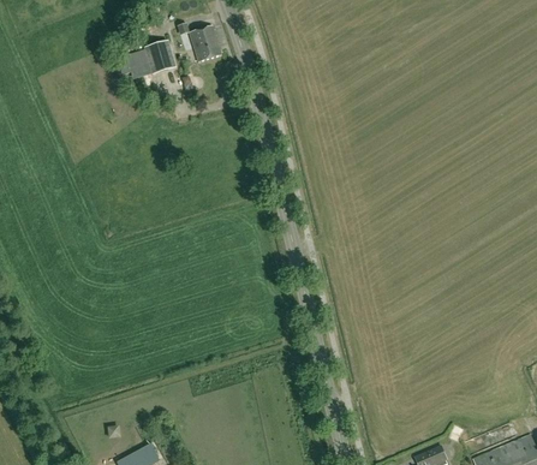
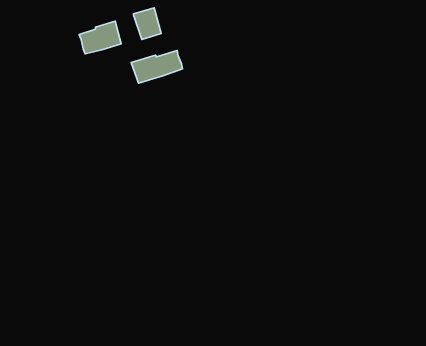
building: none -> [131,51,183,83]

